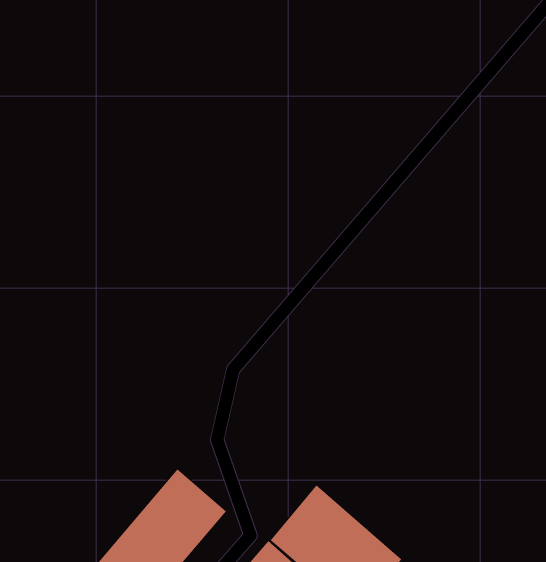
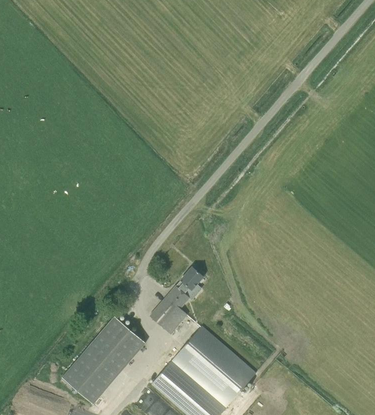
building: none -> [150,266,203,332]

